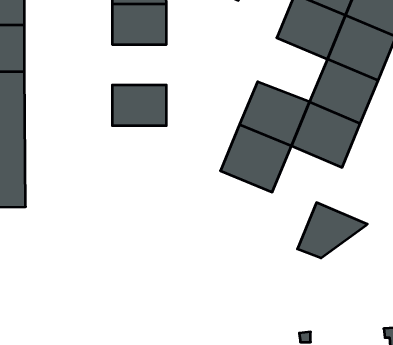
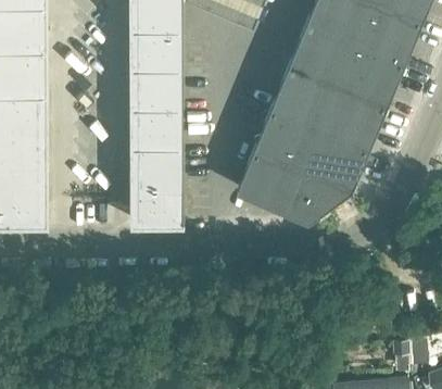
building: none -> [271,60,339,122]
building: none -> [131,66,184,105]
building: none -> [131,145,184,223]
building: [297,203,367,258] -> [286,164,353,217]

